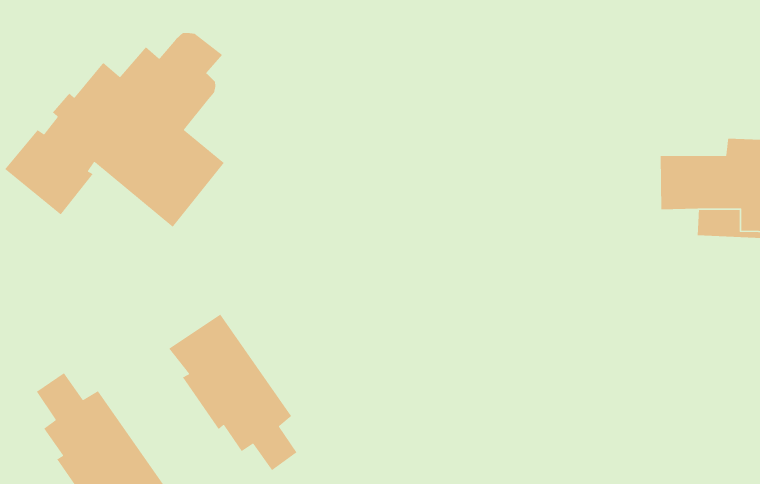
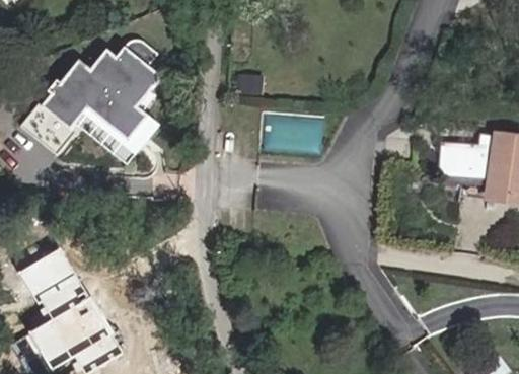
building: [168,313,298,471] -> none

